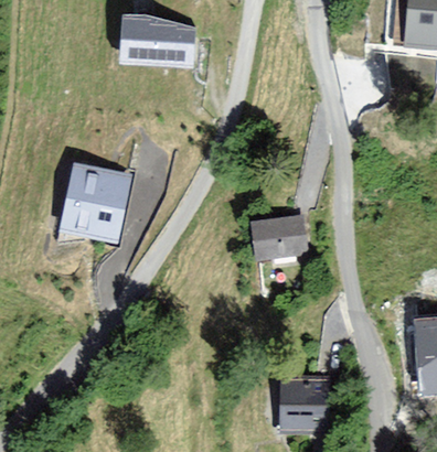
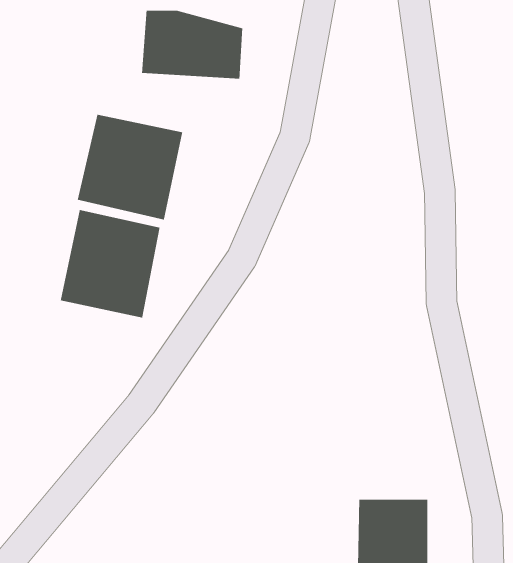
building: none -> [77,114,183,221]
building: [249,214,308,260] -> none

